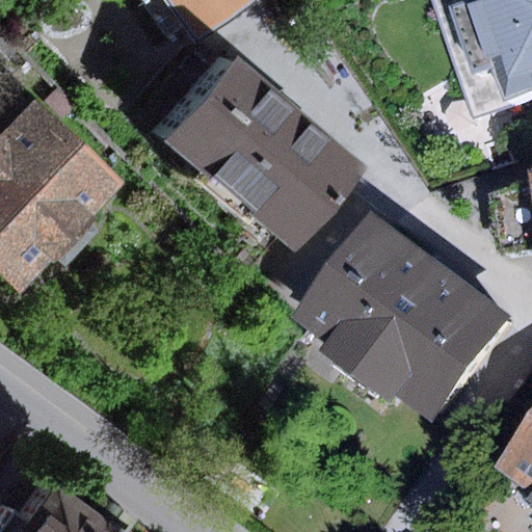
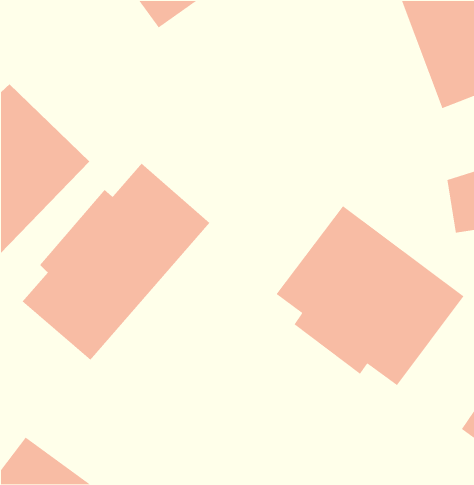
building: [151,49,350,241] -> none
building: none -> [22,163,210,361]

